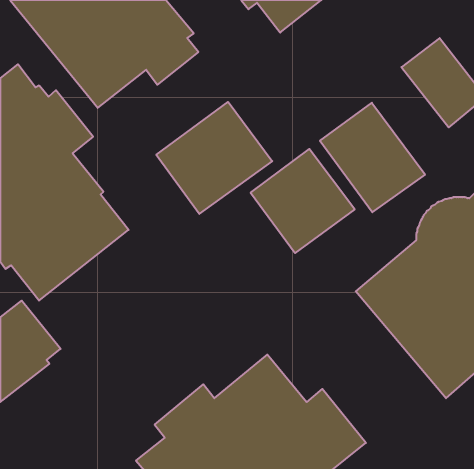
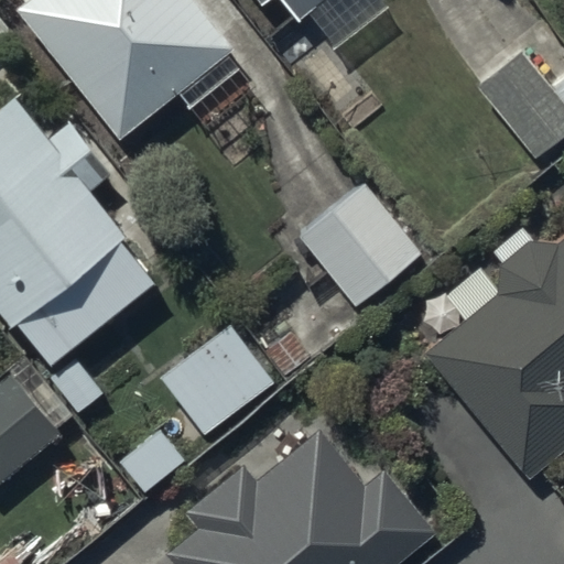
building: [156,102,272,214] -> none
building: [320,103,425,212] -> none
building: none -> [159,323,274,435]

